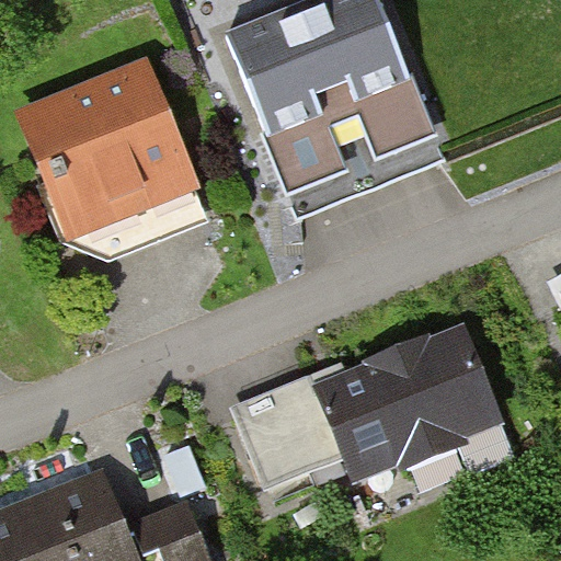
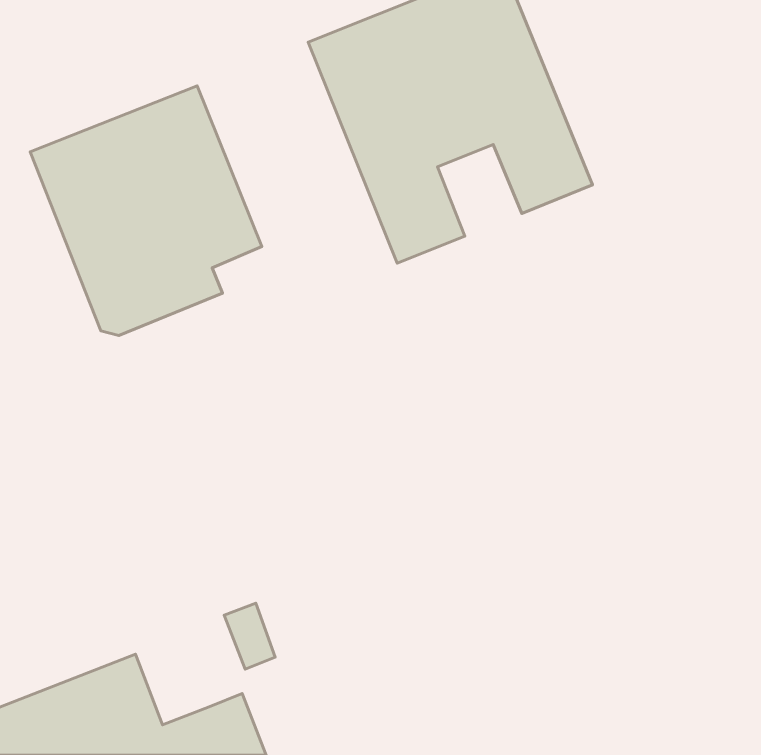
building: [236,331,513,480] -> none

